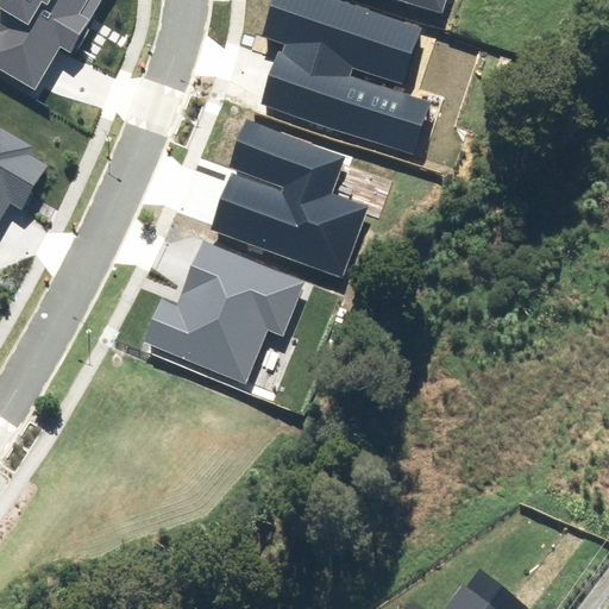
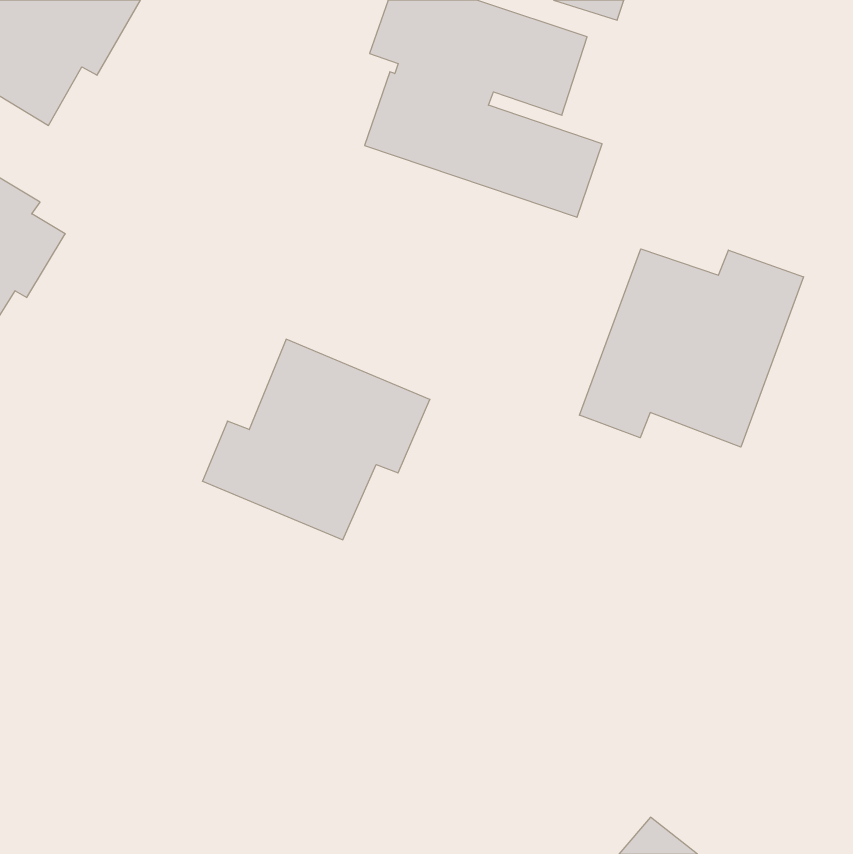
building: [211,121,369,277] -> none
building: none -> [579,249,804,447]

